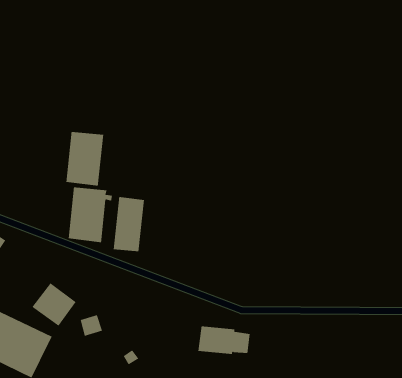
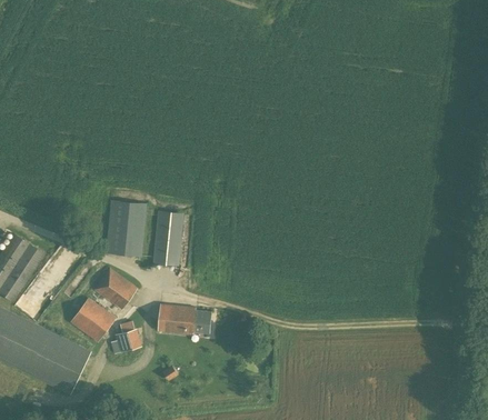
building: [66,131,104,186] -> none
building: none -> [94,268,138,309]
building: [198,326,250,355] -> [158,304,211,333]

